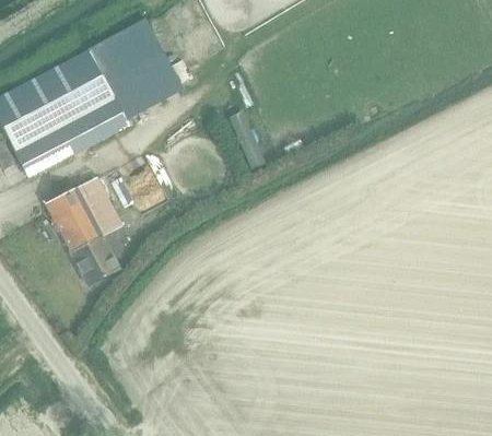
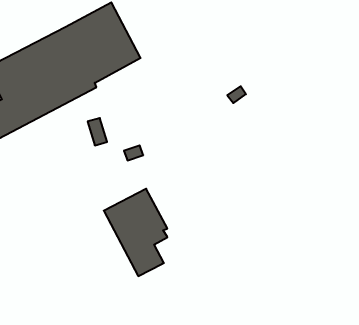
building: [45,174,124,282] -> [104,189,167,276]

